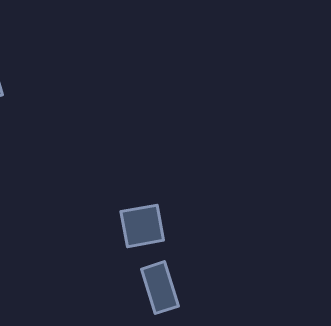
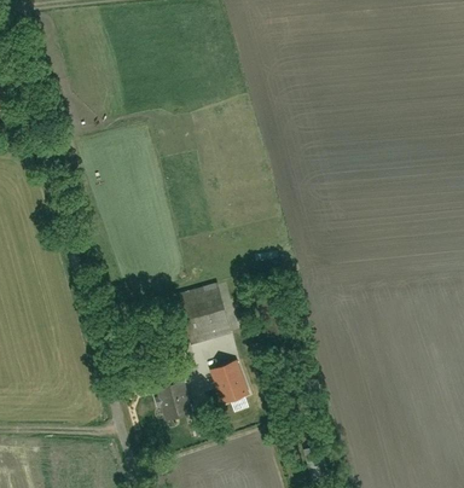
building: none -> [153,379,186,420]

